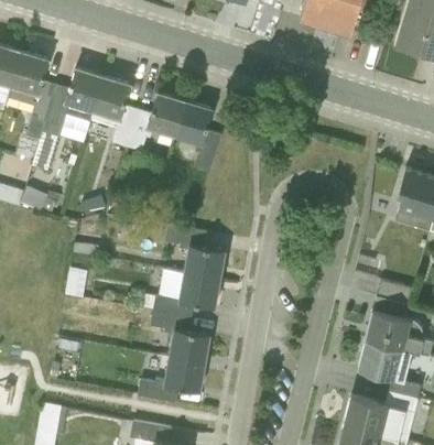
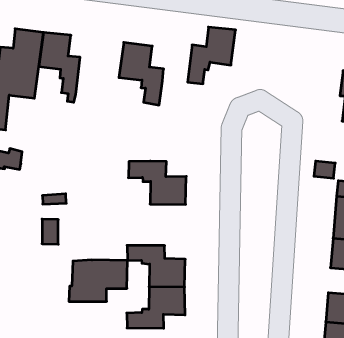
building: [127,94,185,151] -> [188,27,236,84]
building: [153,270,220,317] -> [69,260,127,301]

